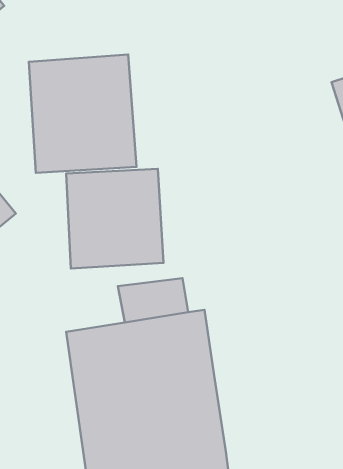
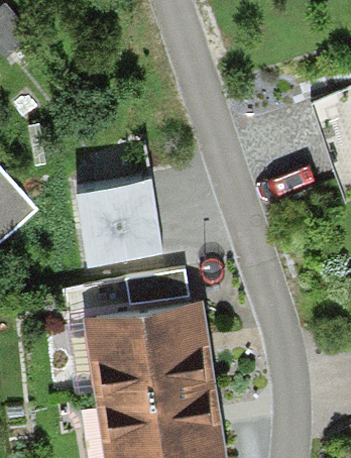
building: [29,54,137,173] -> none

